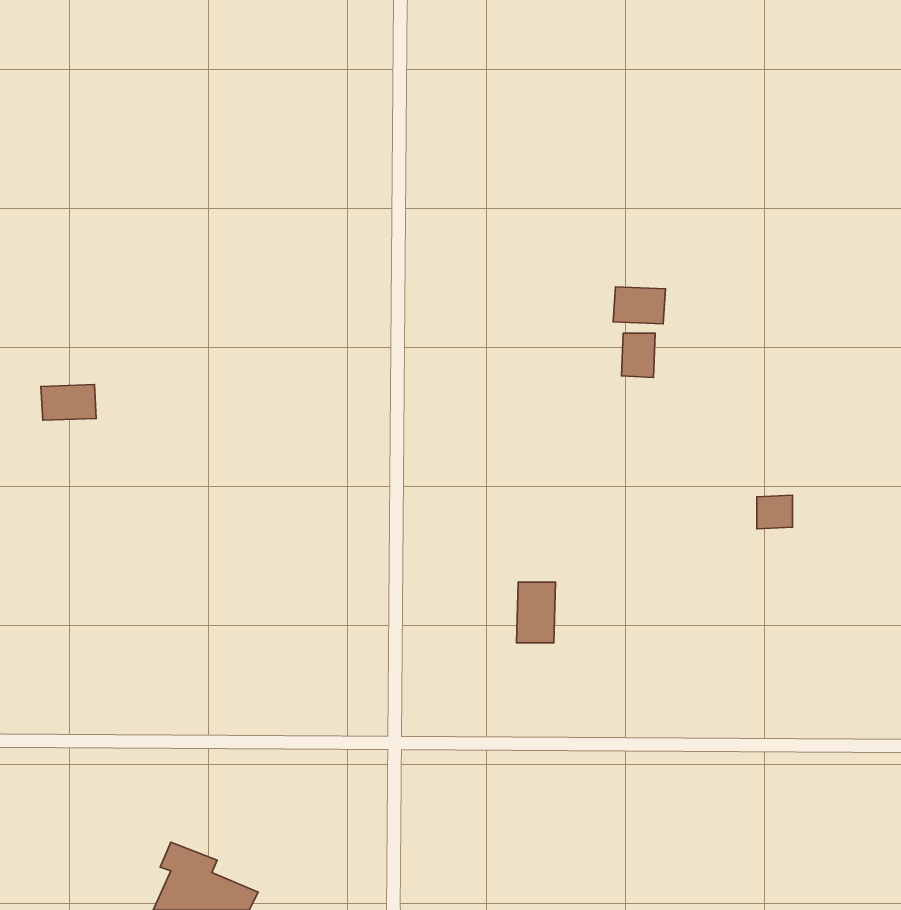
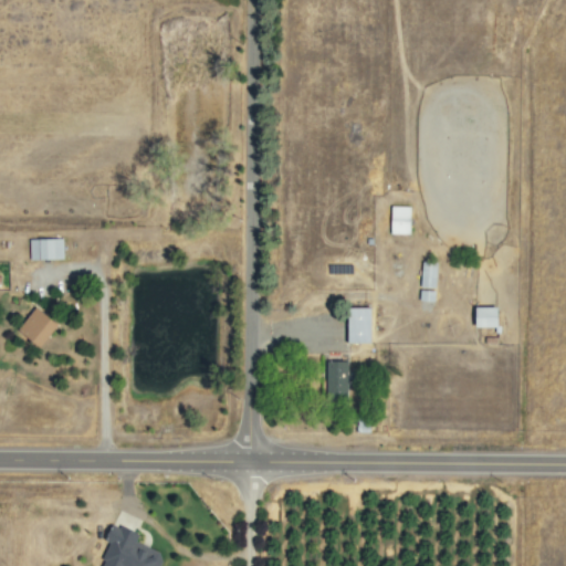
building: [613,287,666,324] -> none
building: none -> [347,307,373,344]
building: none -> [17,310,56,349]

